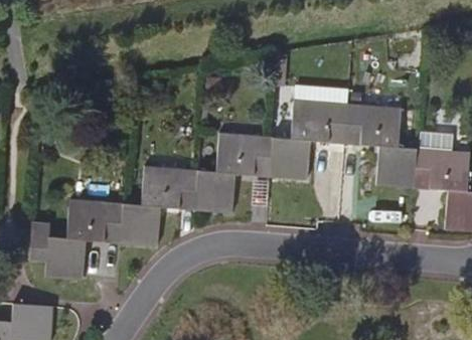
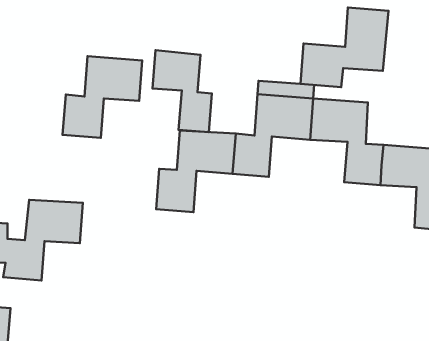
building: none -> [301,8,389,87]
building: none -> [152,50,212,132]
building: [120,167,197,246] -> [63,56,142,138]

